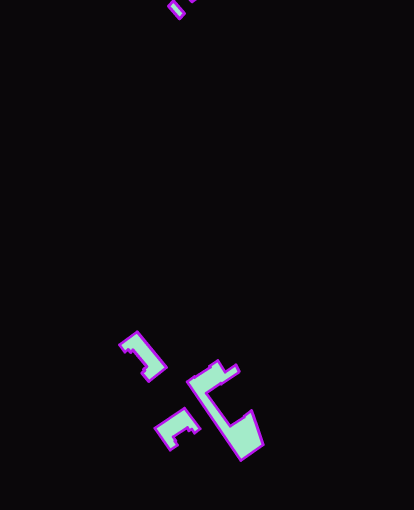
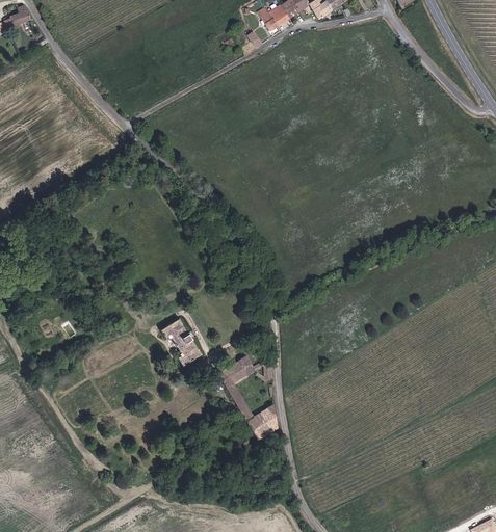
building: [155,408,200,450] -> none

